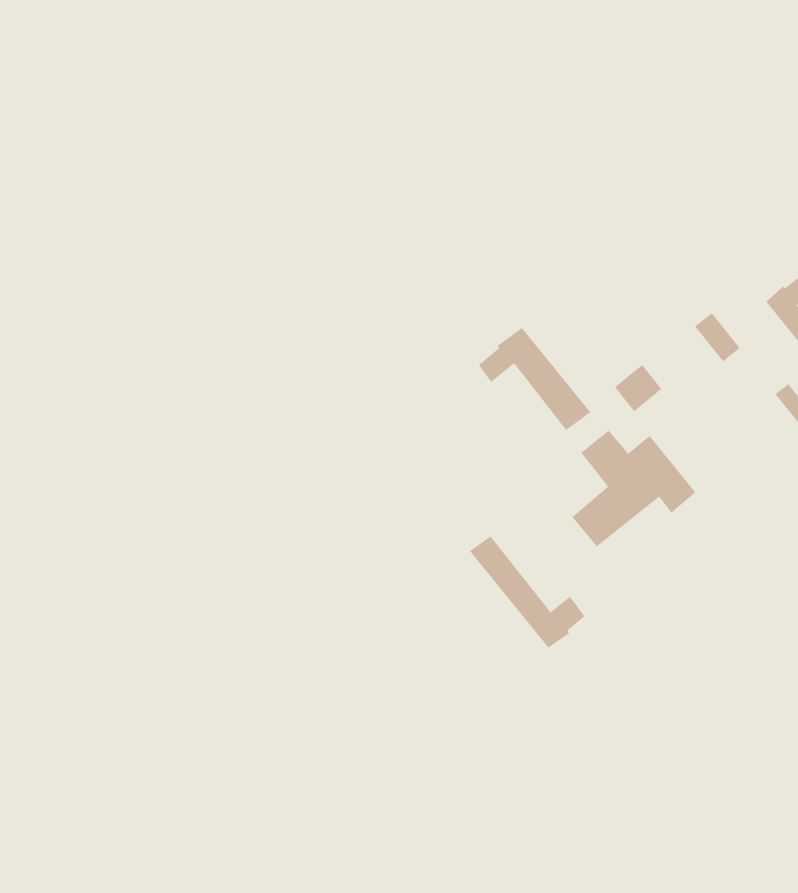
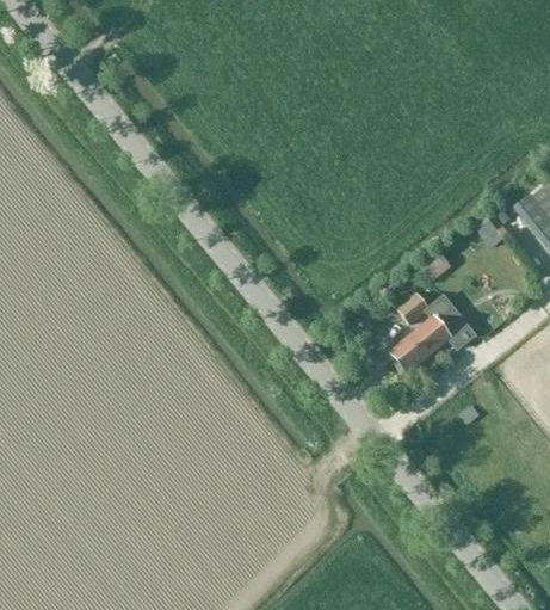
building: [478,327,591,431] -> none
building: [469,536,585,649] -> none

